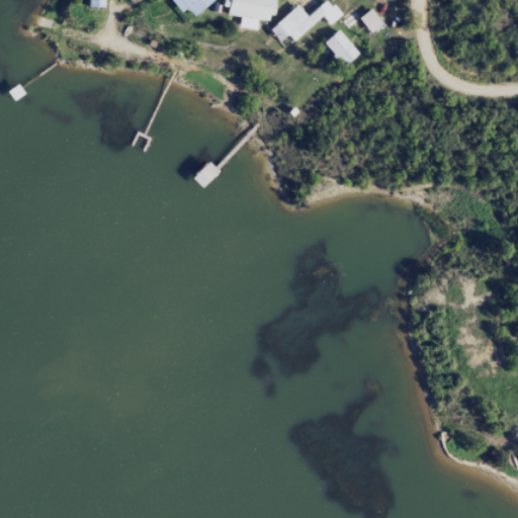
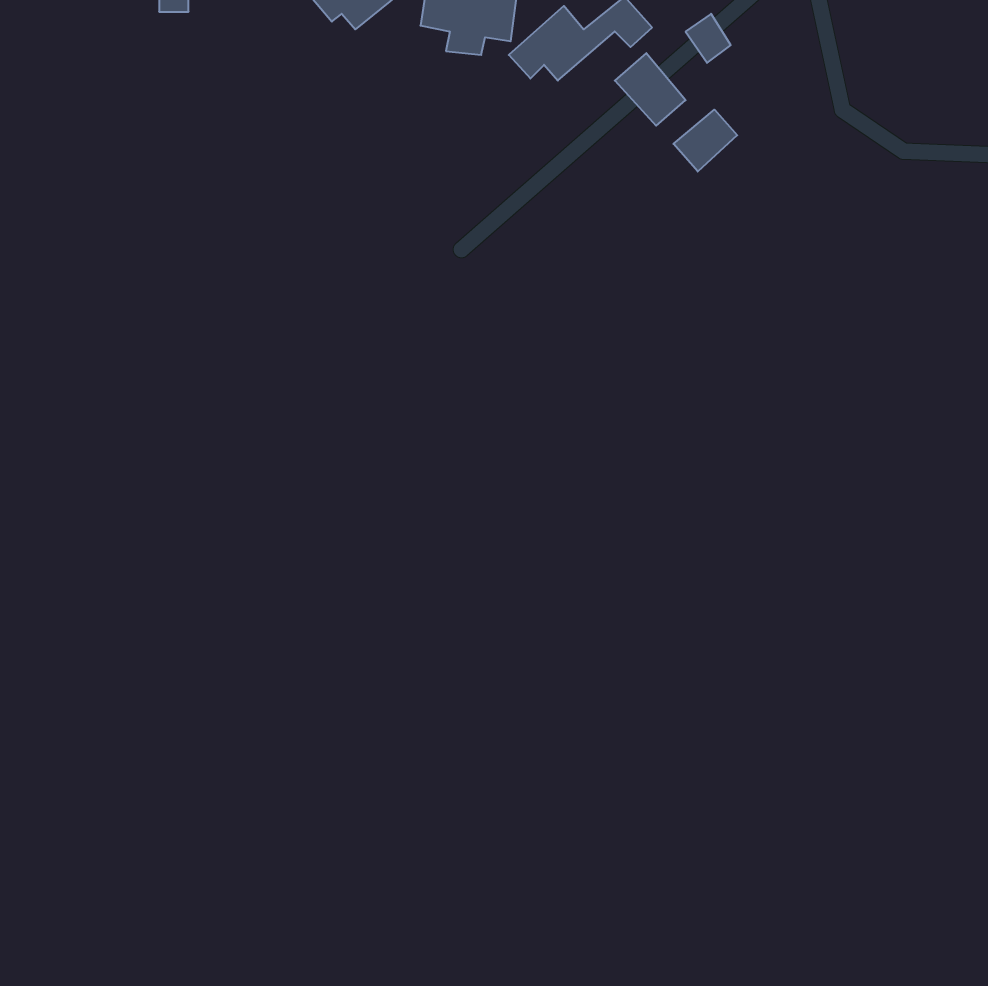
building: none -> [673,110,737,172]

